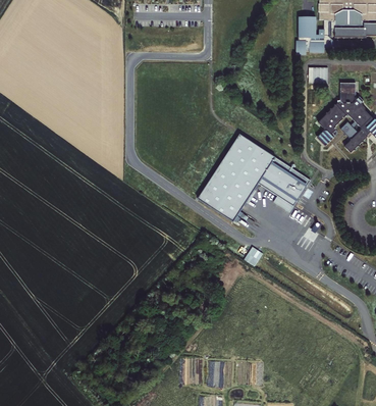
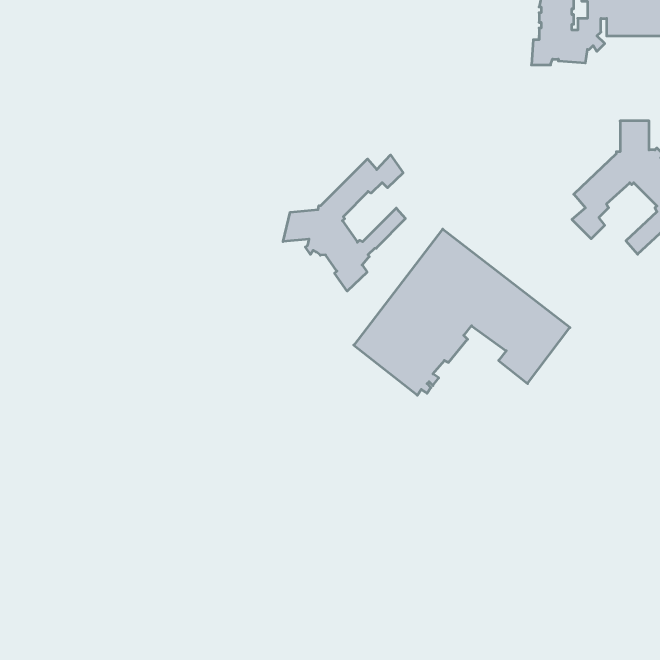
building: none -> [283,155,405,291]

